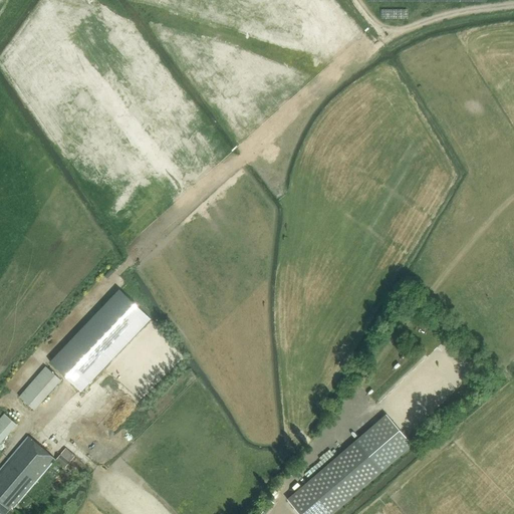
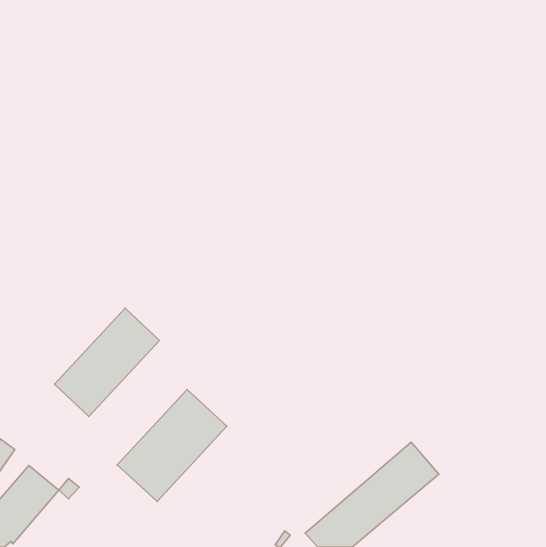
building: none -> [117,390,227,501]
building: [17,365,59,409] -> none

